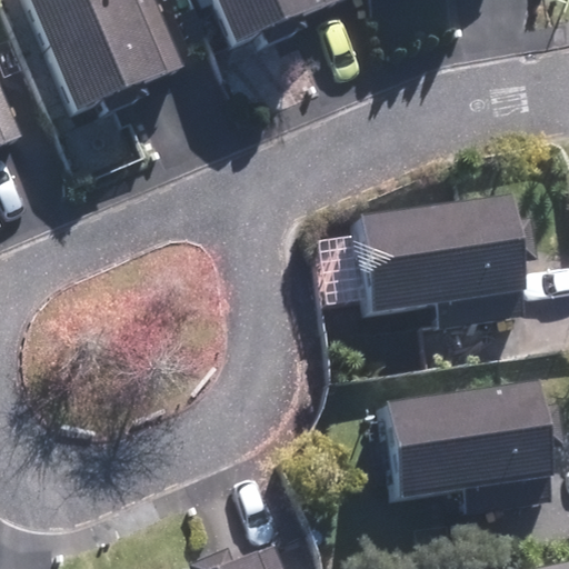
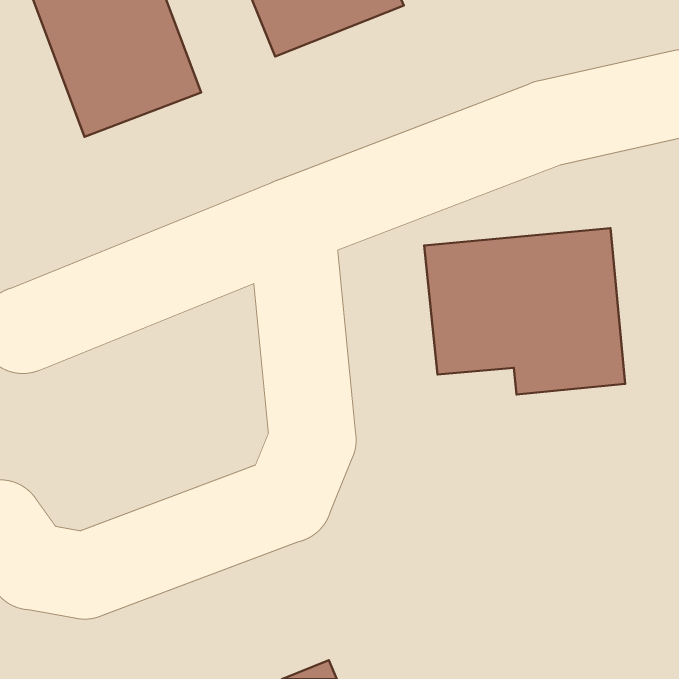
building: [383,383,551,518] -> none

